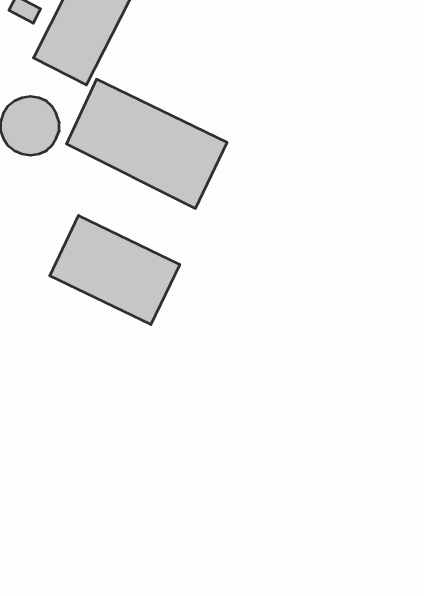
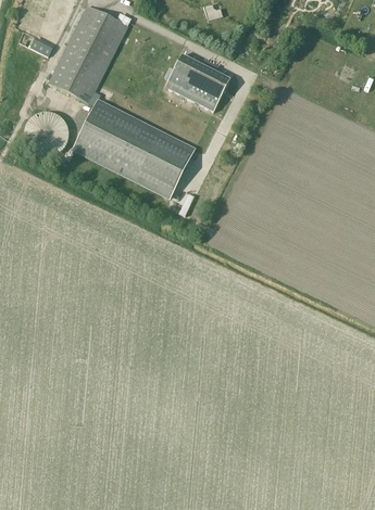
building: none -> [164,54,229,112]
building: [50,215,180,325] -> none

